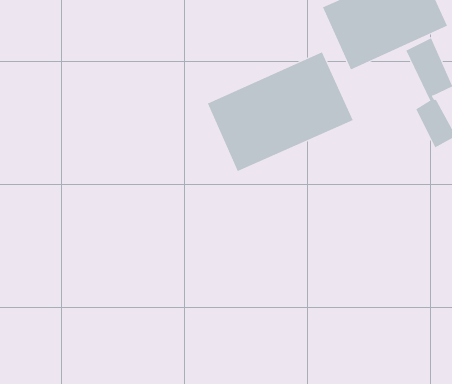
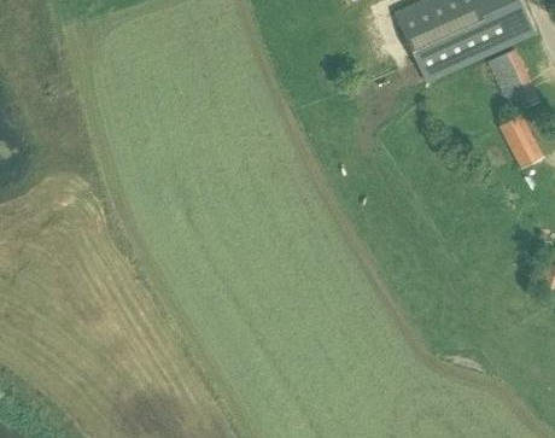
building: [207,51,353,172] -> none

